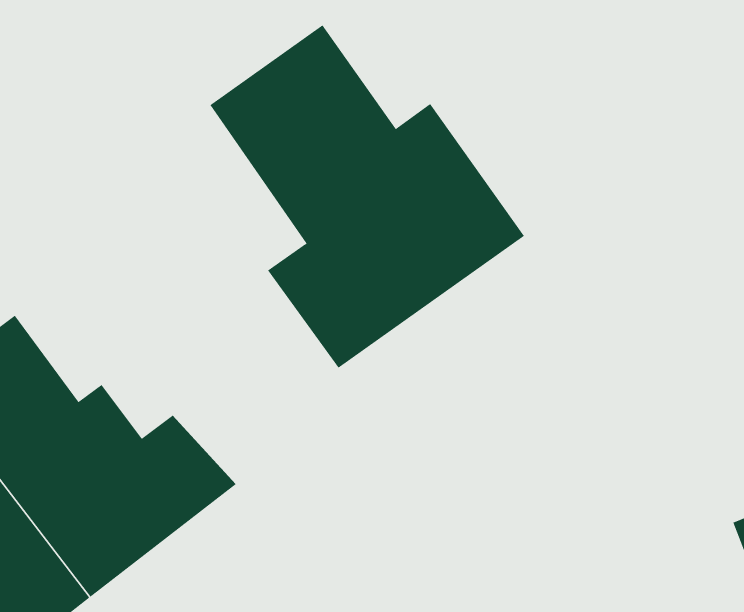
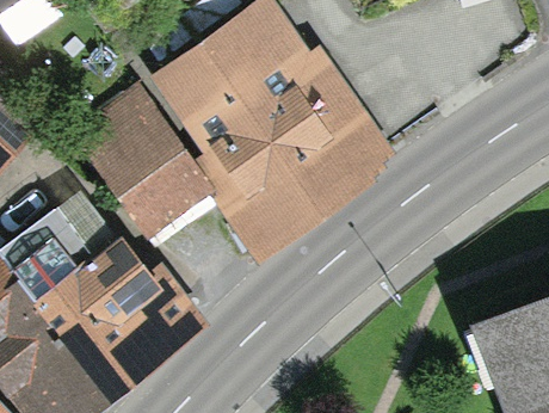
building: none -> [79,95,197,228]

